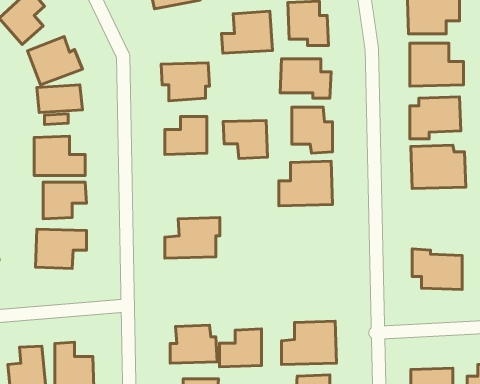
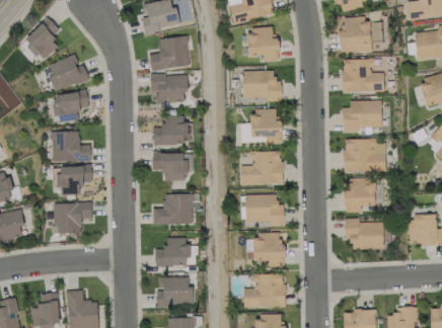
building: [222,11,273,53] -> [150,36,190,69]
building: [223,120,268,158] -> [152,152,187,181]
building: none -> [345,178,376,213]
building: none -> [245,194,285,226]
building: none -> [253,233,285,267]
building: [219,329,261,367] -> [155,237,188,266]

